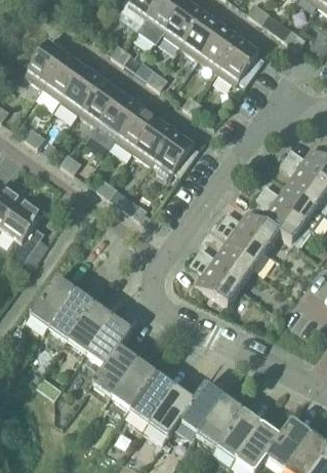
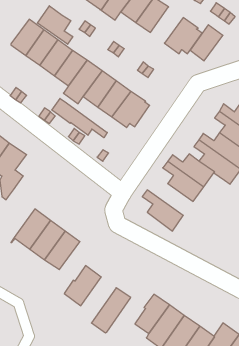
building: none -> [37,6,73,44]
building: [201,25,242,70] -> [190,25,223,61]
building: none -> [52,98,107,138]
building: [197,245,254,285] -> none
building: [87,318,132,367] -> none
building: [107,362,158,421] -> none
building: [147,388,195,442] -> none

